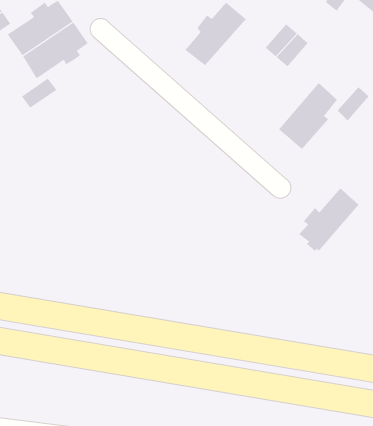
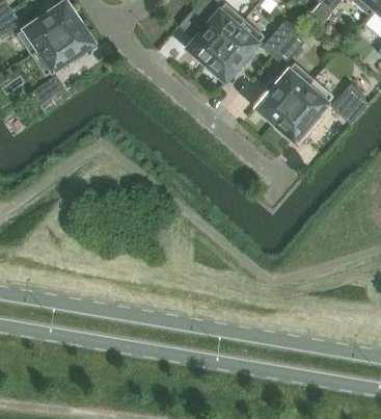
building: none -> [206,19,264,80]
building: [299,187,360,252] -> [255,62,314,124]

